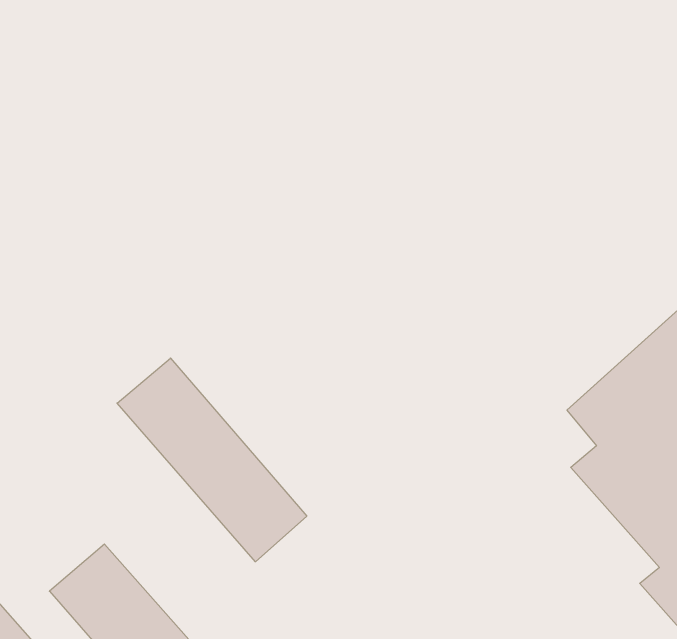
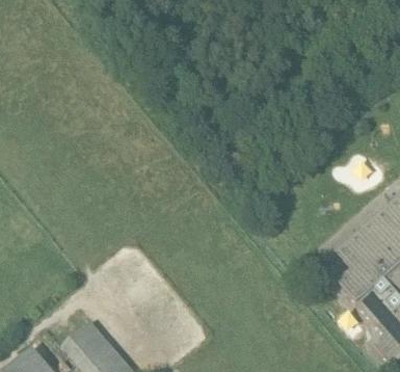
building: [117,358,307,562] -> none

